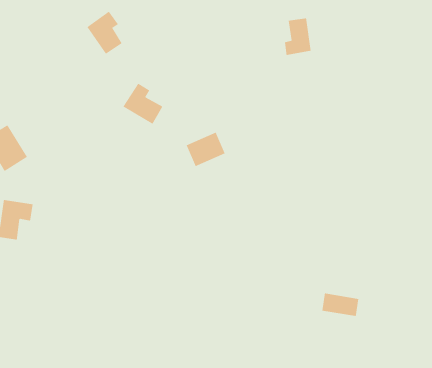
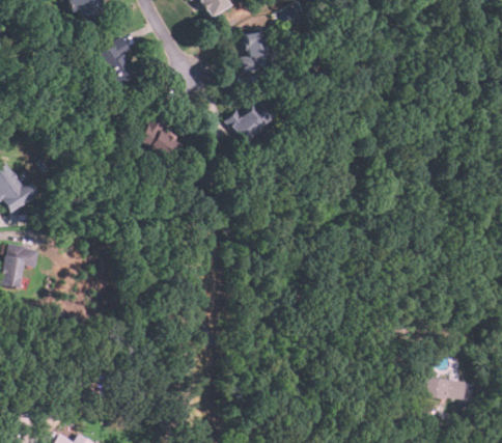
building: [284,18,312,56] -> [242,31,272,73]
building: [186,132,226,167] -> [231,103,275,141]
building: [321,293,359,317] -> [426,376,468,402]

